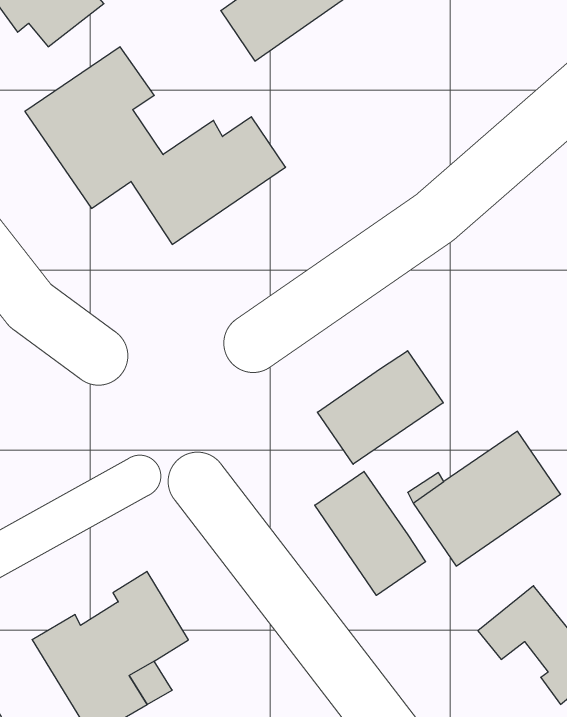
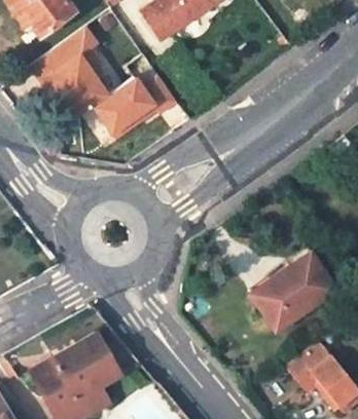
building: [317,351,443,464] -> none
building: [315,471,426,595] -> none

